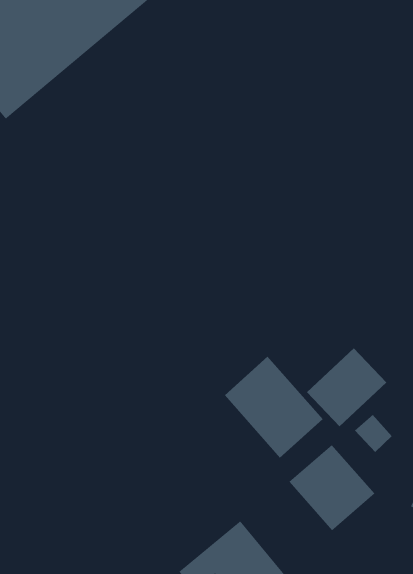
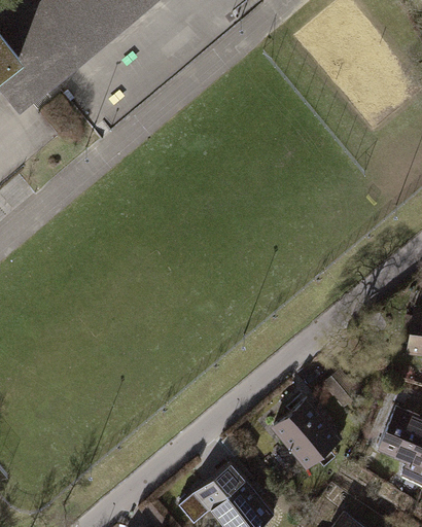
building: [306,348,387,427] -> none
building: [224,356,323,458] -> none

